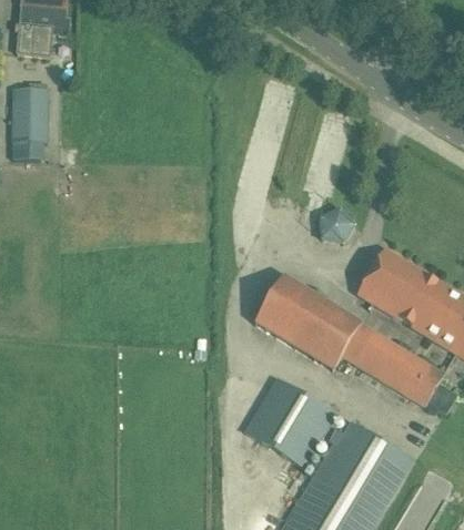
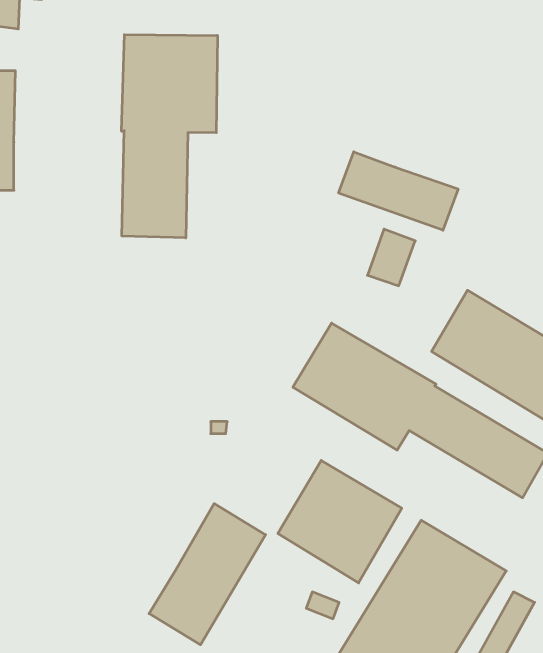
building: none -> [122,35,217,238]
building: none -> [339,152,458,230]
building: none -> [149,504,266,645]

